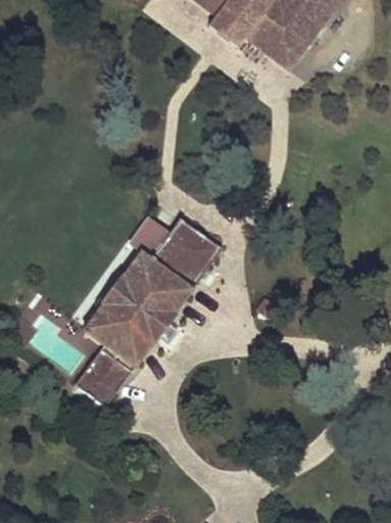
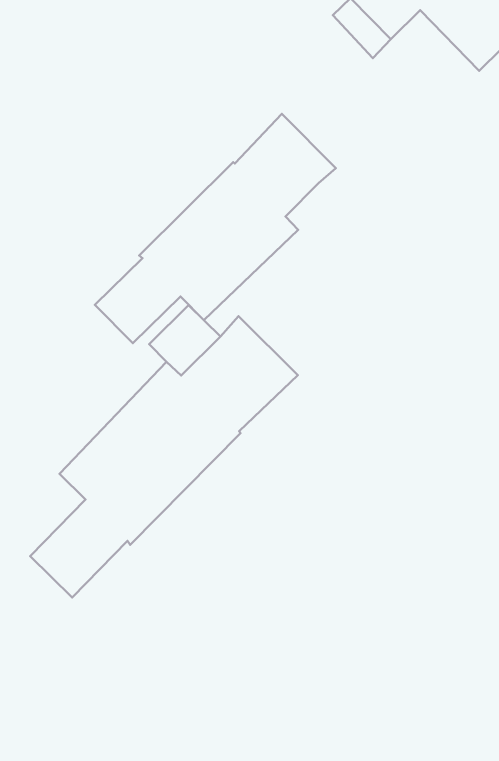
building: [246,14,303,67] -> none
building: none -> [95,114,336,343]

